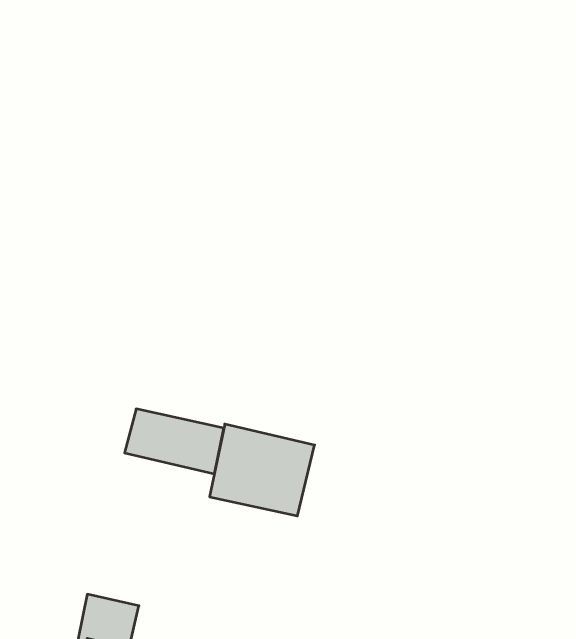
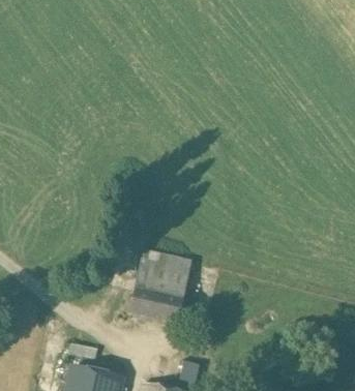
building: [125,409,224,474] -> [129,289,183,324]

